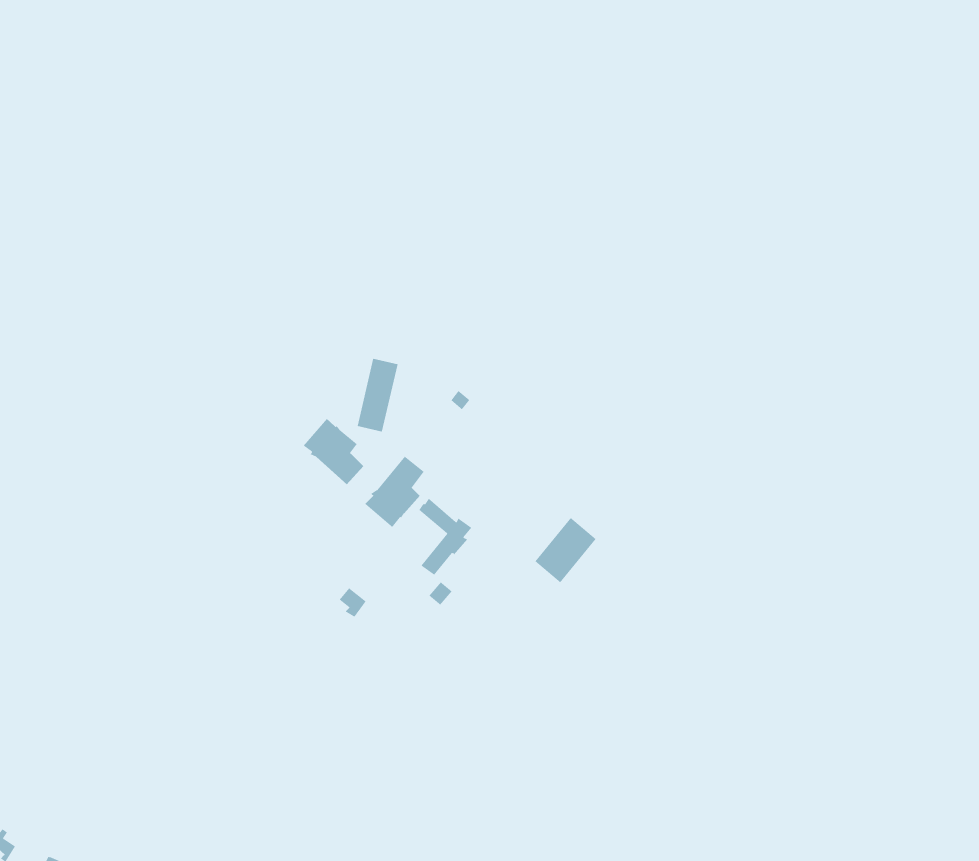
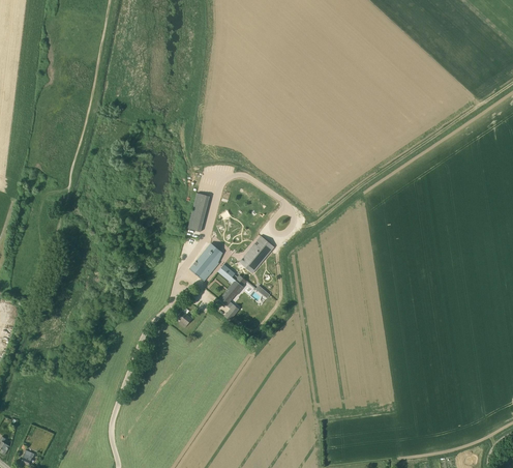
building: [303,418,364,485] -> none
building: [535,517,596,583] -> [242,236,274,270]

